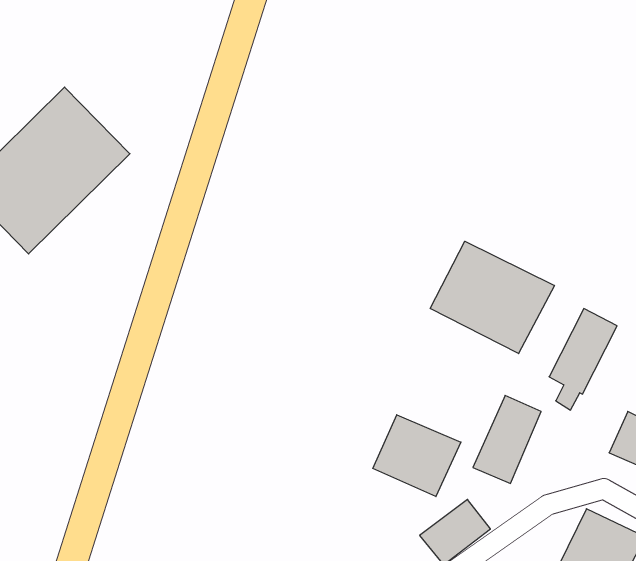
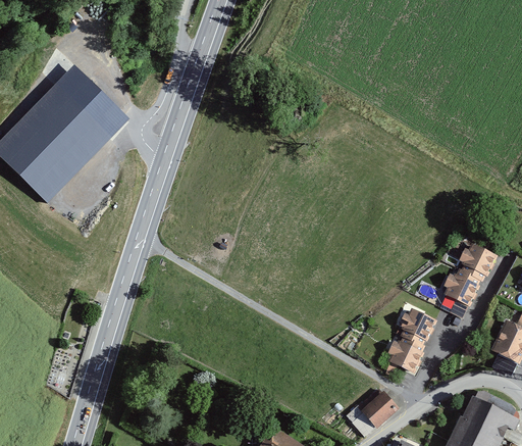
building: [430,241,554,354] -> none
building: [373,415,461,497] -> none

